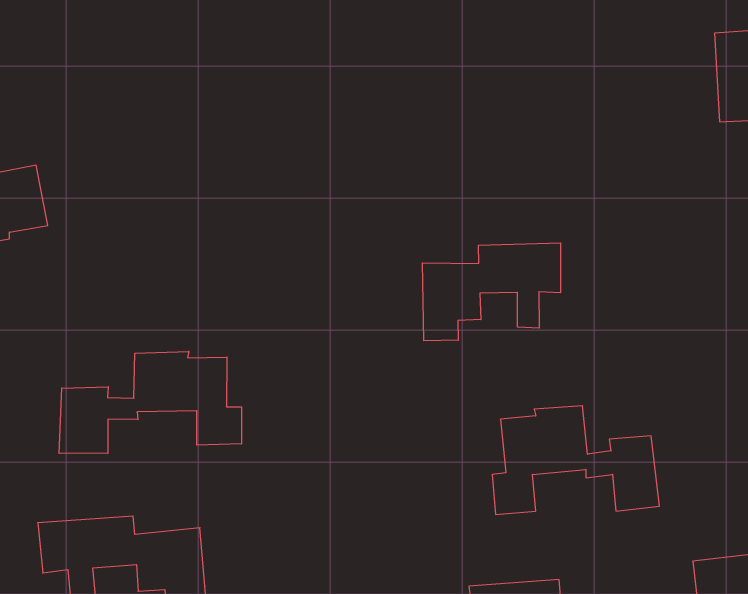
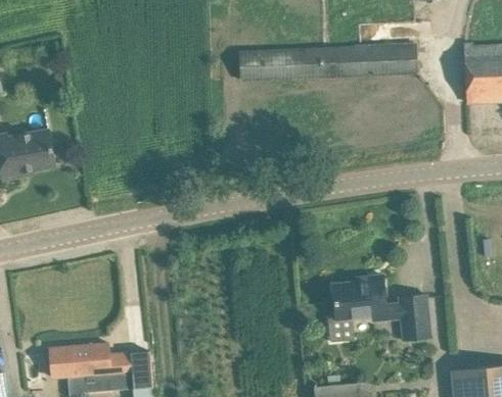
building: none -> [240,45,417,80]
building: [423,243,561,341] -> none
building: [59,351,241,453] -> none

